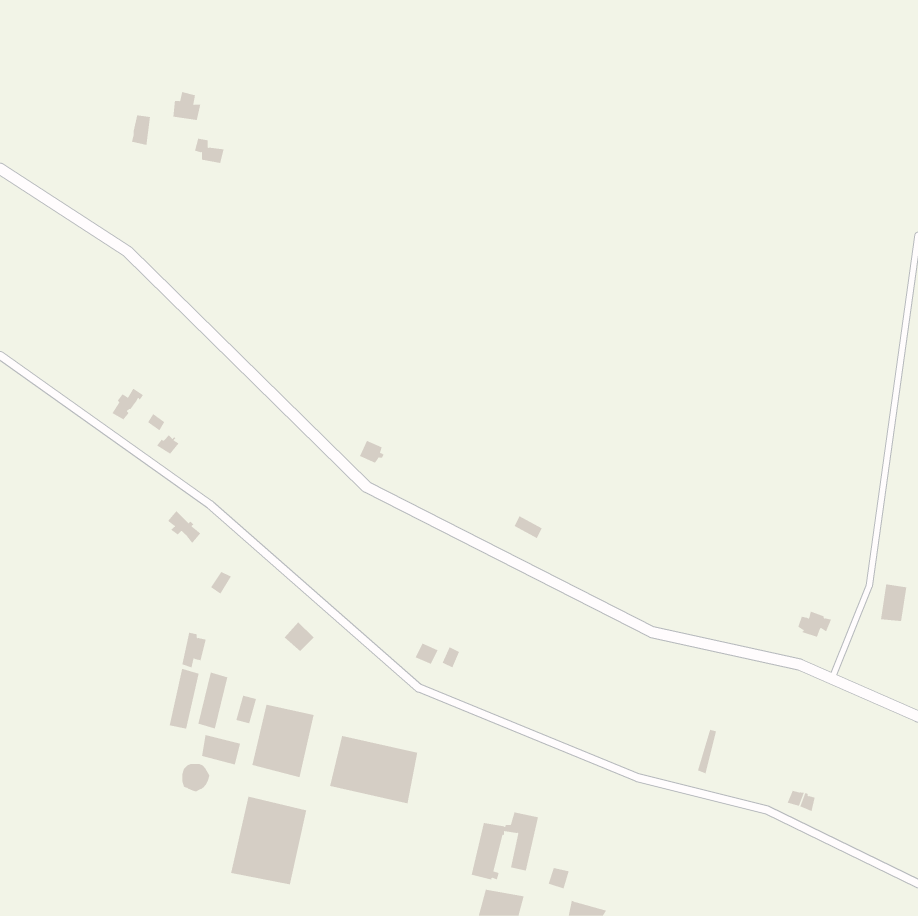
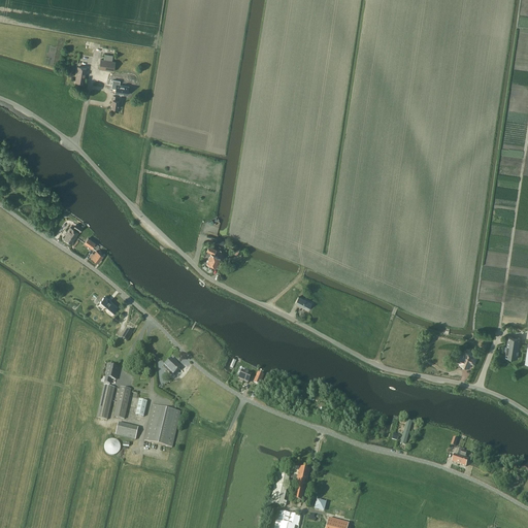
building: [330,735,418,804] -> none
building: [231,796,307,885] -> none

